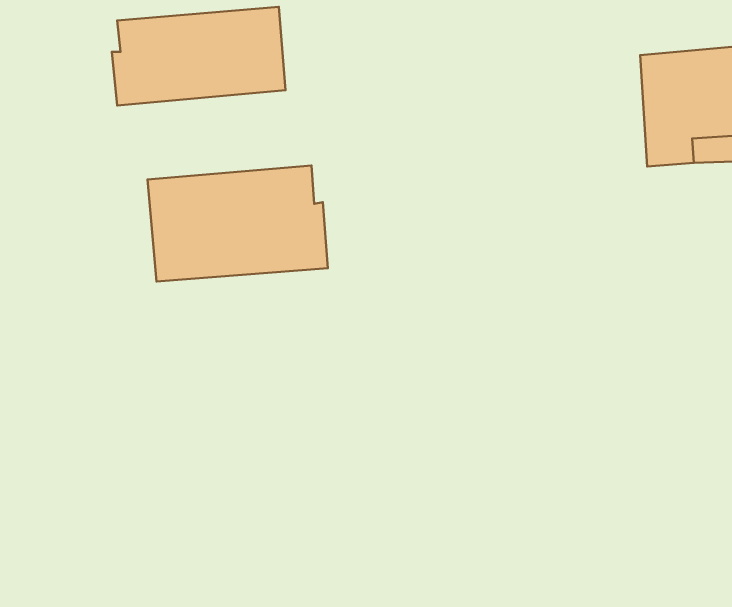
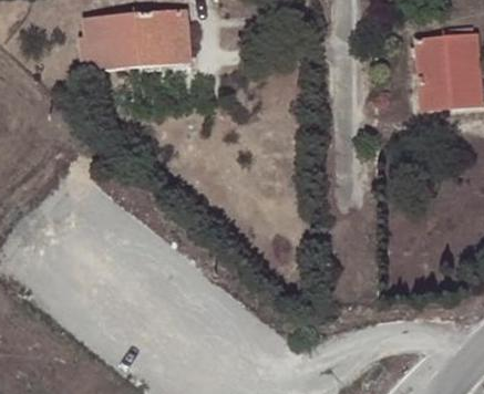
building: [148,165,328,282] -> none

